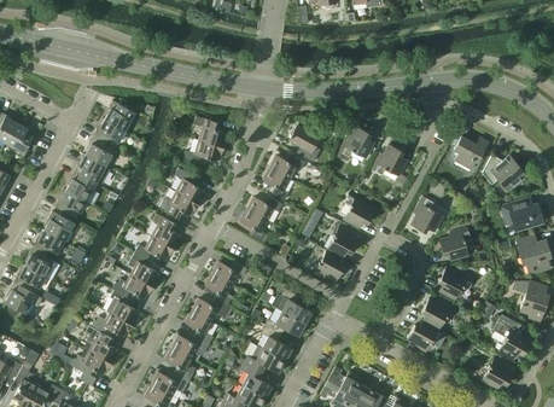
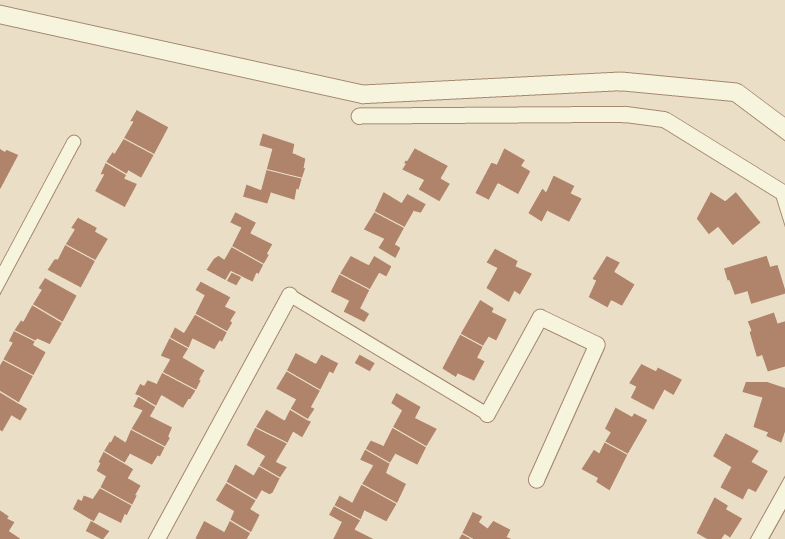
building: [454,135,489,169] -> none
building: [75,155,110,184] -> none
building: [439,228,471,261] -> none

